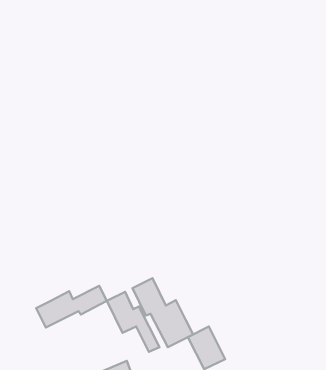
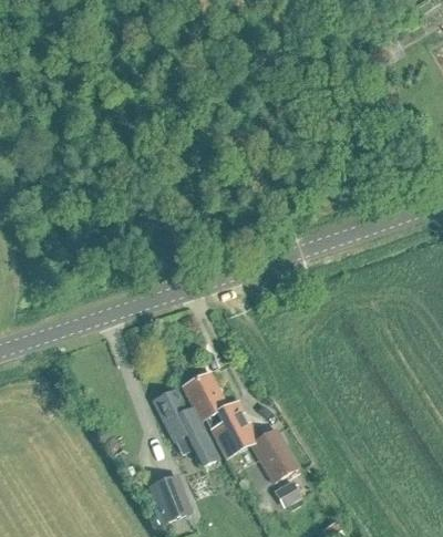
building: [36,286,107,328] -> none

